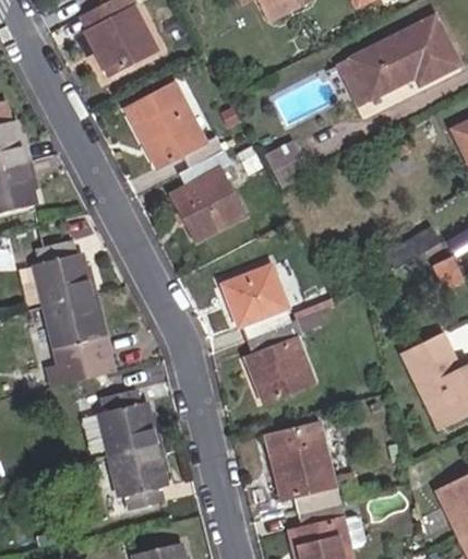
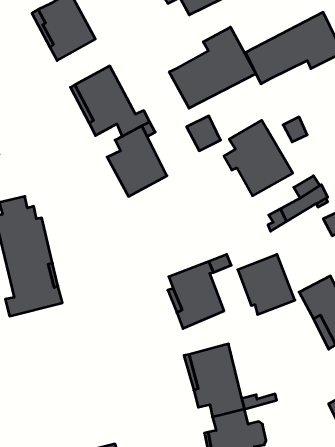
building: none -> [169,27,256,108]
building: none -> [224,120,293,196]
building: [220,265,290,338] -> [238,254,295,314]
building: [96,390,167,509] -> none

